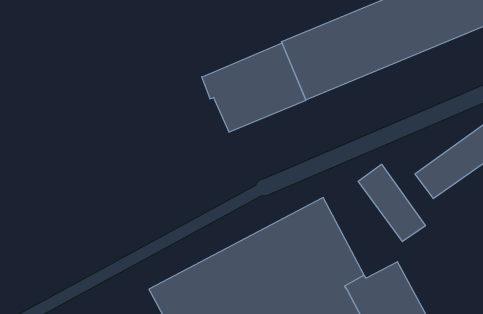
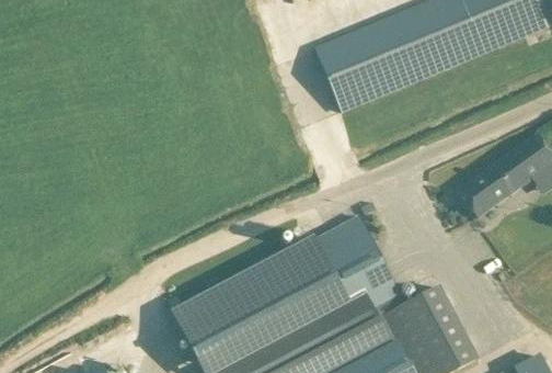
building: [202,43,306,132] -> none
building: [358,164,426,242] -> none

